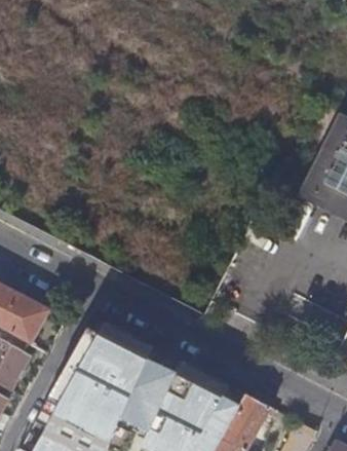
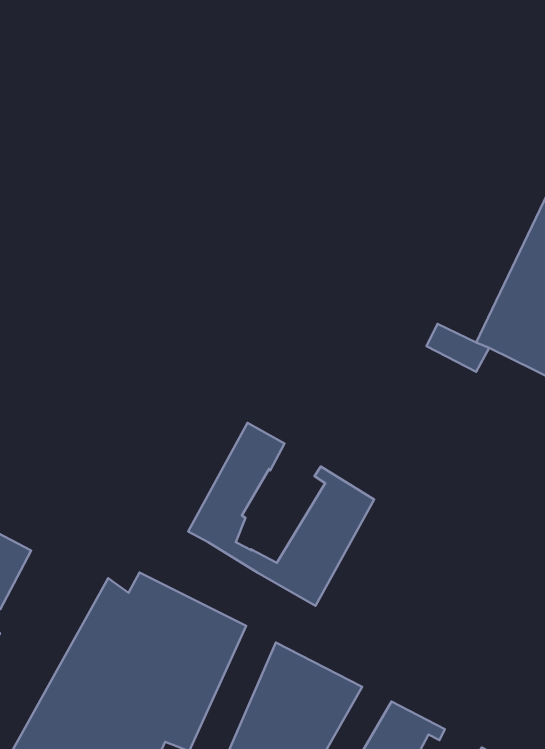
building: none -> [188,423,374,606]

